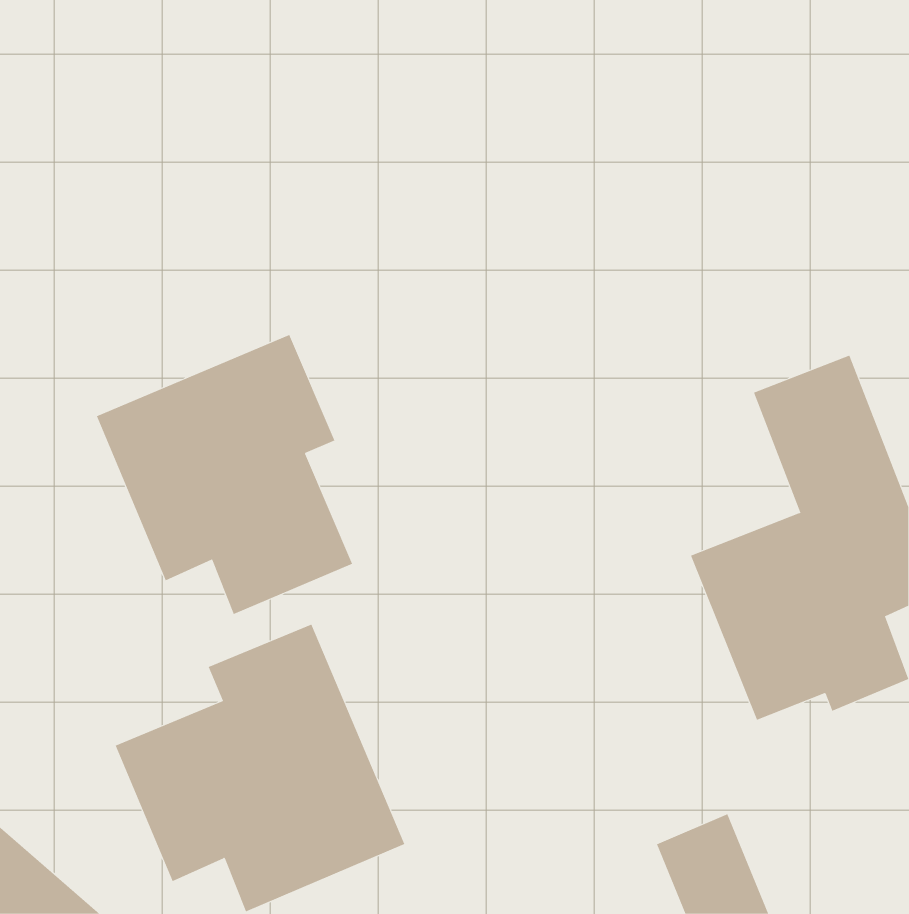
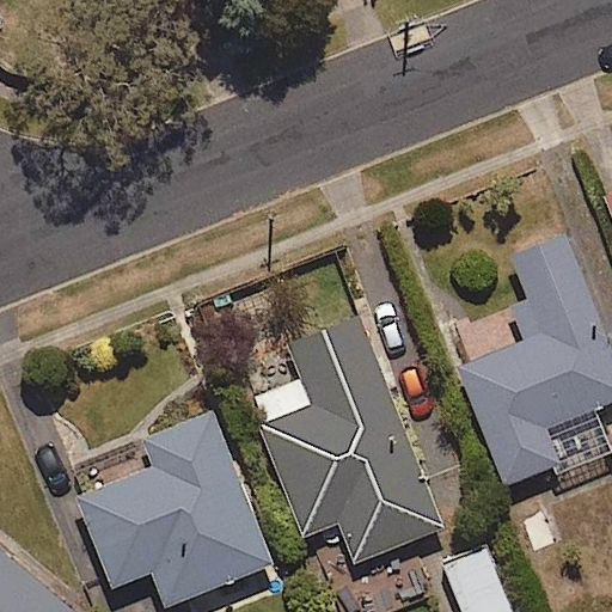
building: [96,334,353,615] -> none
building: none -> [250,317,443,564]

